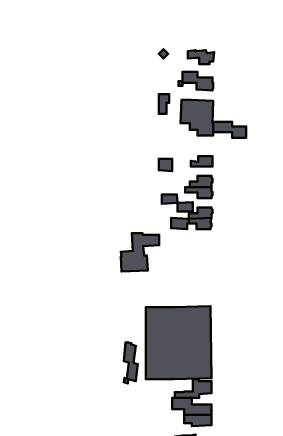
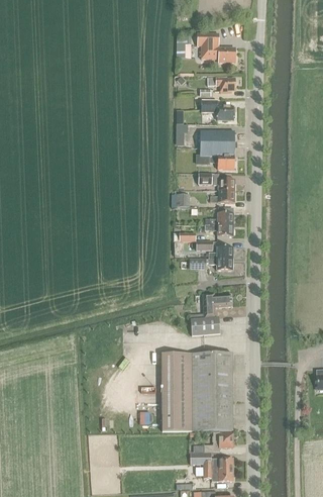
building: none -> [197,32,235,71]
building: [213,122,246,138] -> [198,174,233,191]
building: [121,233,159,271] -> [190,293,231,334]
building: [124,342,138,383] -> none

